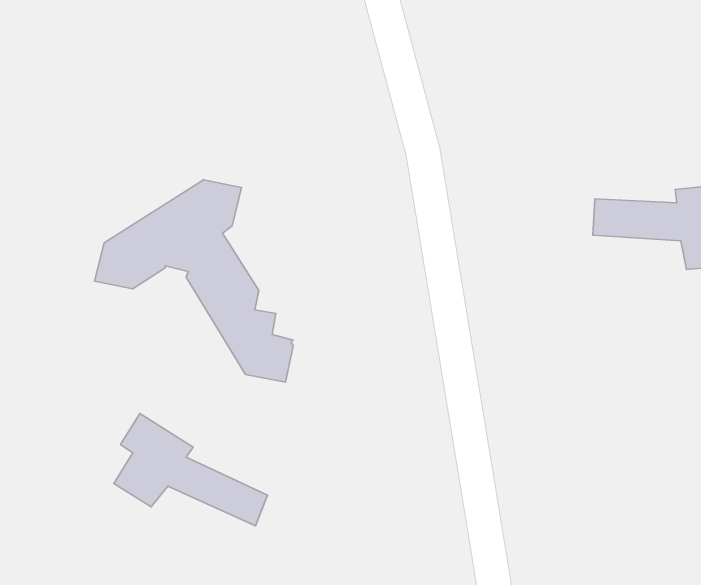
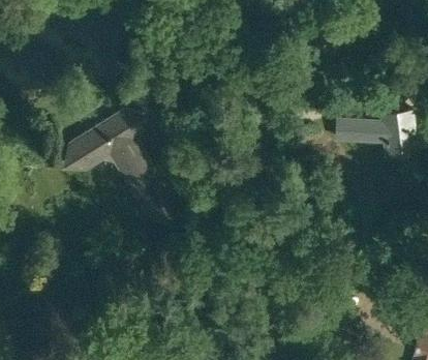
building: [114,414,267,526] -> none

